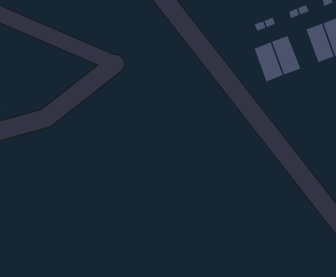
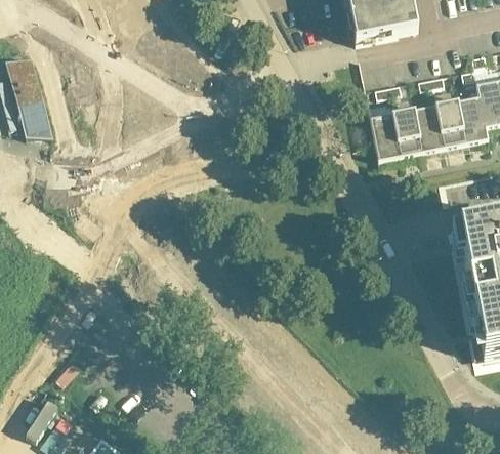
building: none -> [414,104,445,151]

